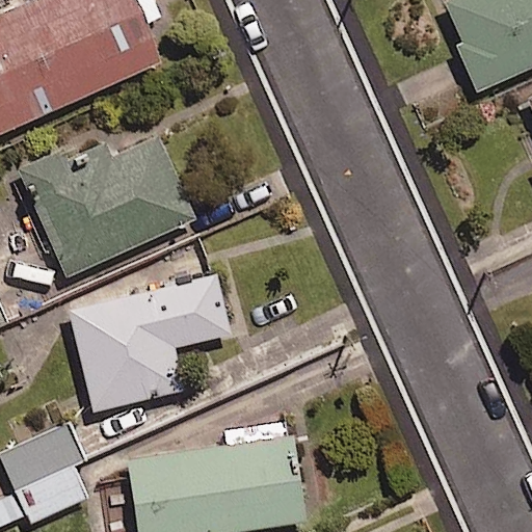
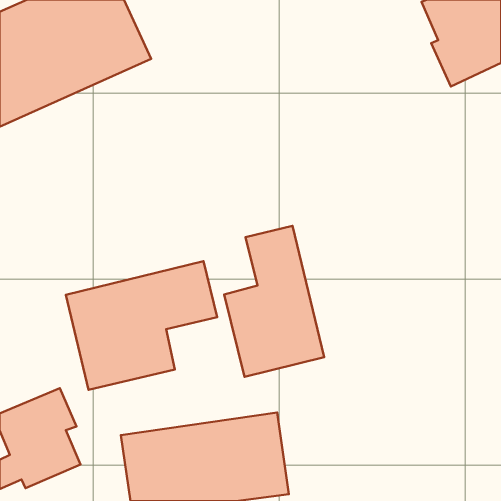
building: [17,137,194,277] -> none
building: none -> [224,226,324,377]

